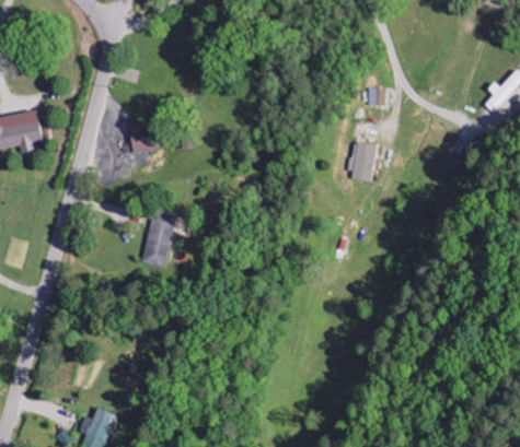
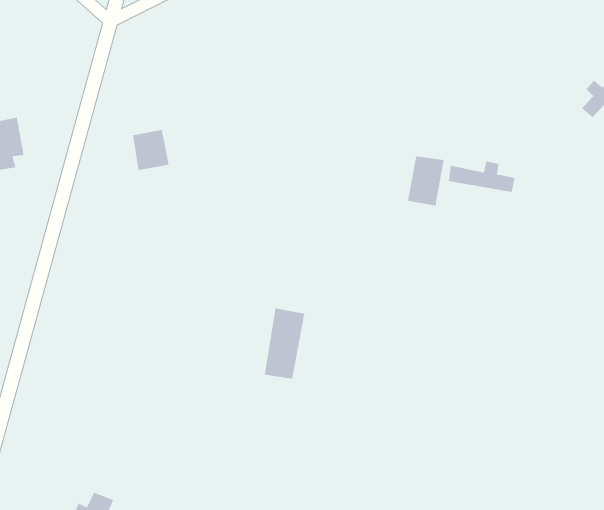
building: none -> [448,160,516,193]
building: [143,210,176,267] -> [264,307,305,379]

